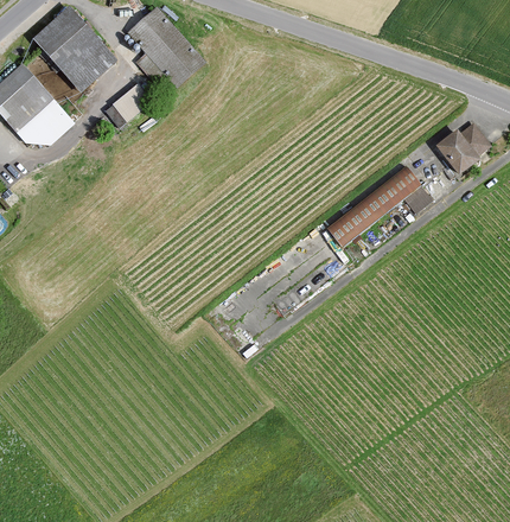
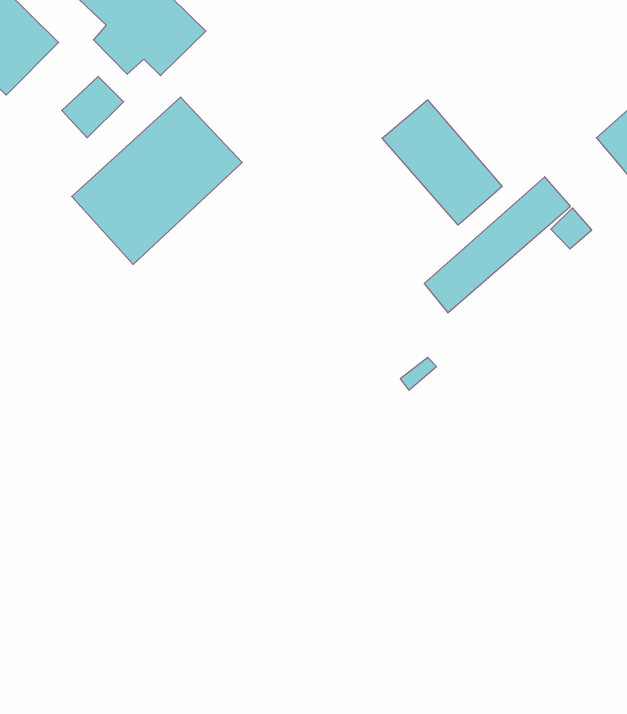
building: none -> [72,97,242,264]
building: none -> [382,100,502,225]

